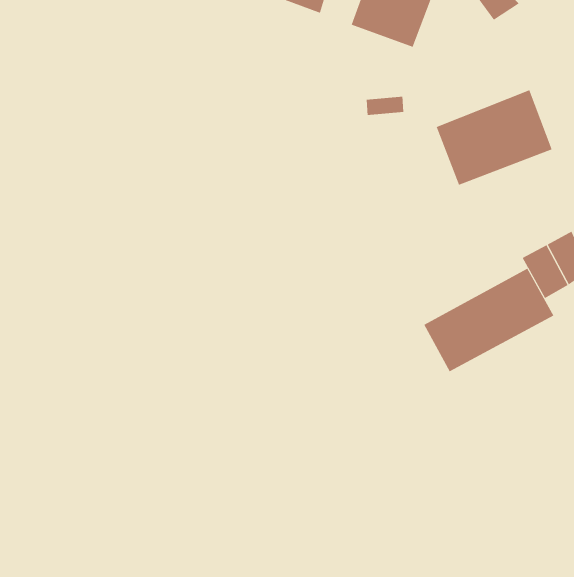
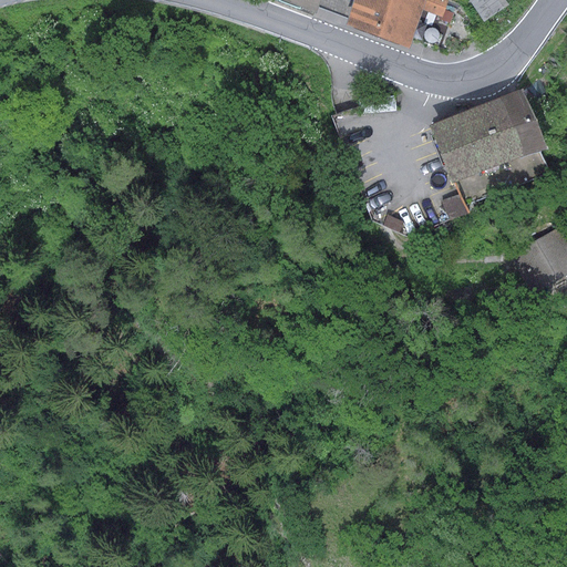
building: [423,268,554,372] -> none

